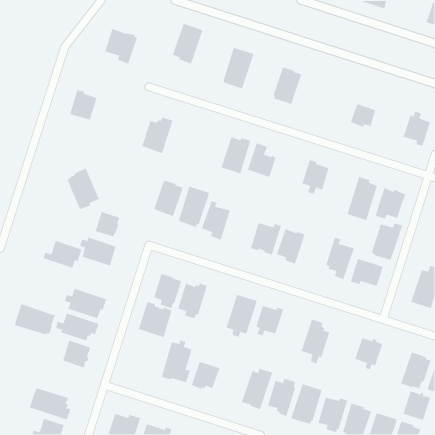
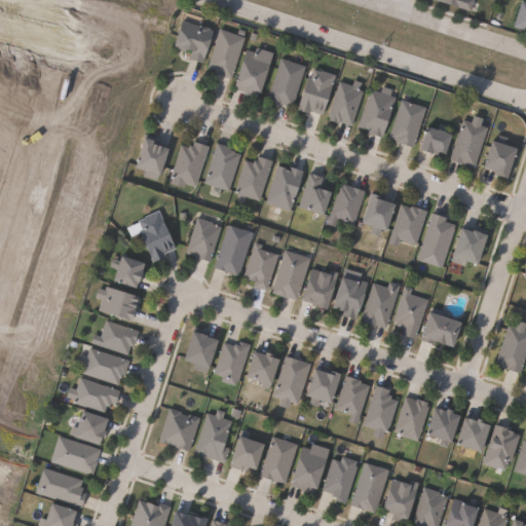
building: [104,28,138,65] -> [174,18,215,63]
building: none -> [234,45,274,97]
building: none -> [298,68,337,114]
building: none -> [359,87,397,137]
building: none -> [389,98,427,147]
building: [69,89,97,121] -> [136,136,170,174]
building: none -> [450,114,489,167]
building: none -> [204,142,241,190]
building: none -> [234,155,273,200]
building: none -> [327,183,366,226]
building: [67,168,100,210] -> [136,210,176,261]
building: none -> [389,203,428,246]
building: none -> [272,249,311,300]
building: [371,223,403,261] -> [362,281,401,328]
building: [42,240,82,269] -> [90,320,139,354]
building: none -> [247,350,281,388]
building: [138,301,173,338] -> [158,408,200,453]
building: [14,303,56,336] -> [50,436,101,475]
building: none -> [335,375,371,424]
building: none -> [394,396,429,441]
building: none -> [260,437,298,485]
building: [402,390,431,421] -> [458,416,493,453]

